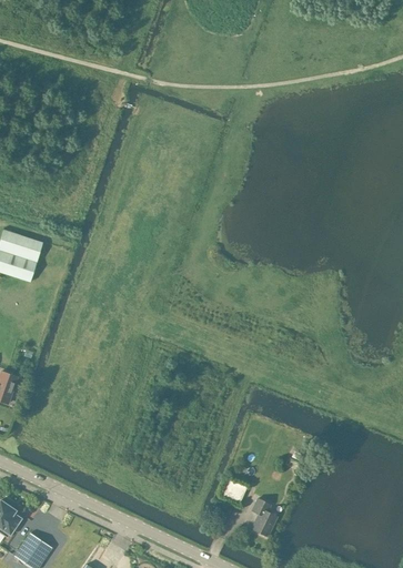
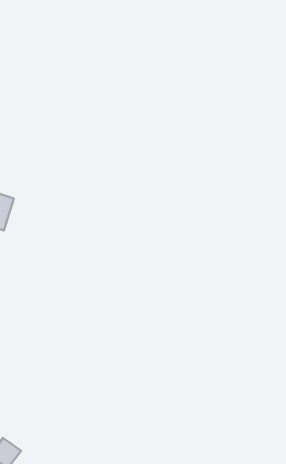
building: [251,498,276,537] -> none

